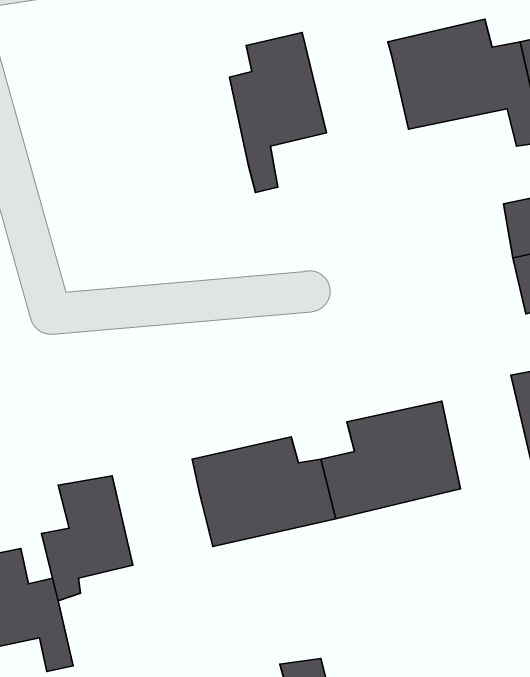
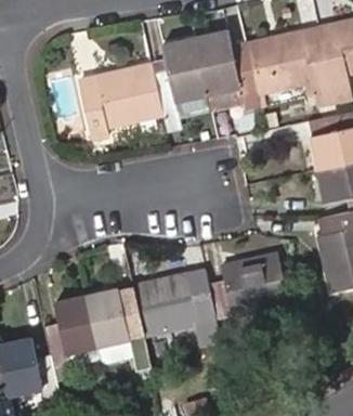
building: none -> [195,29,260,109]
building: none -> [83,63,164,129]
building: none -> [84,288,148,365]

